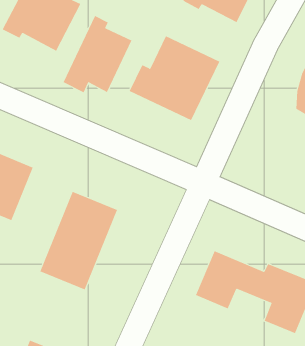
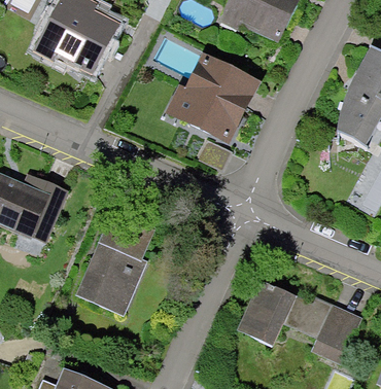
building: [63,15,132,93] -> none

